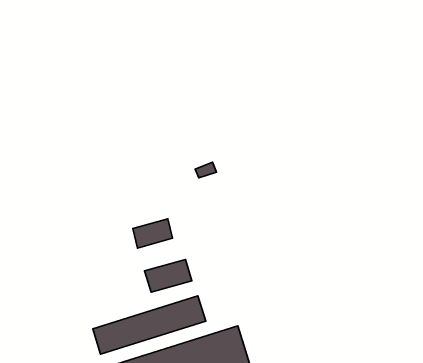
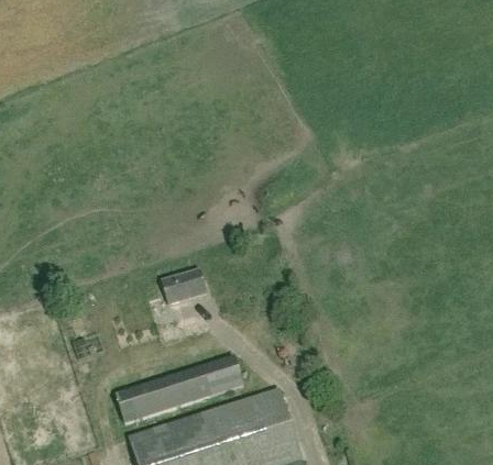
building: [145,260,192,292] -> none

